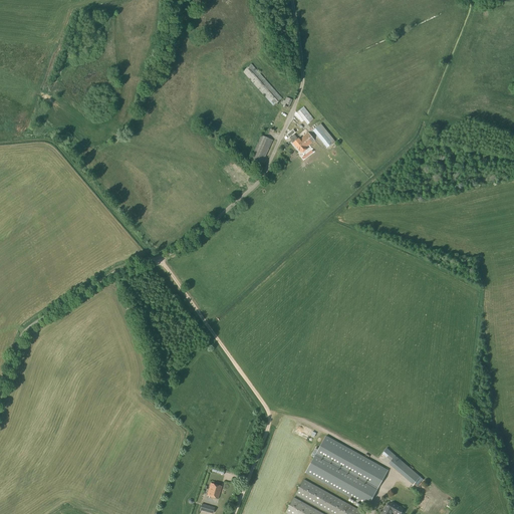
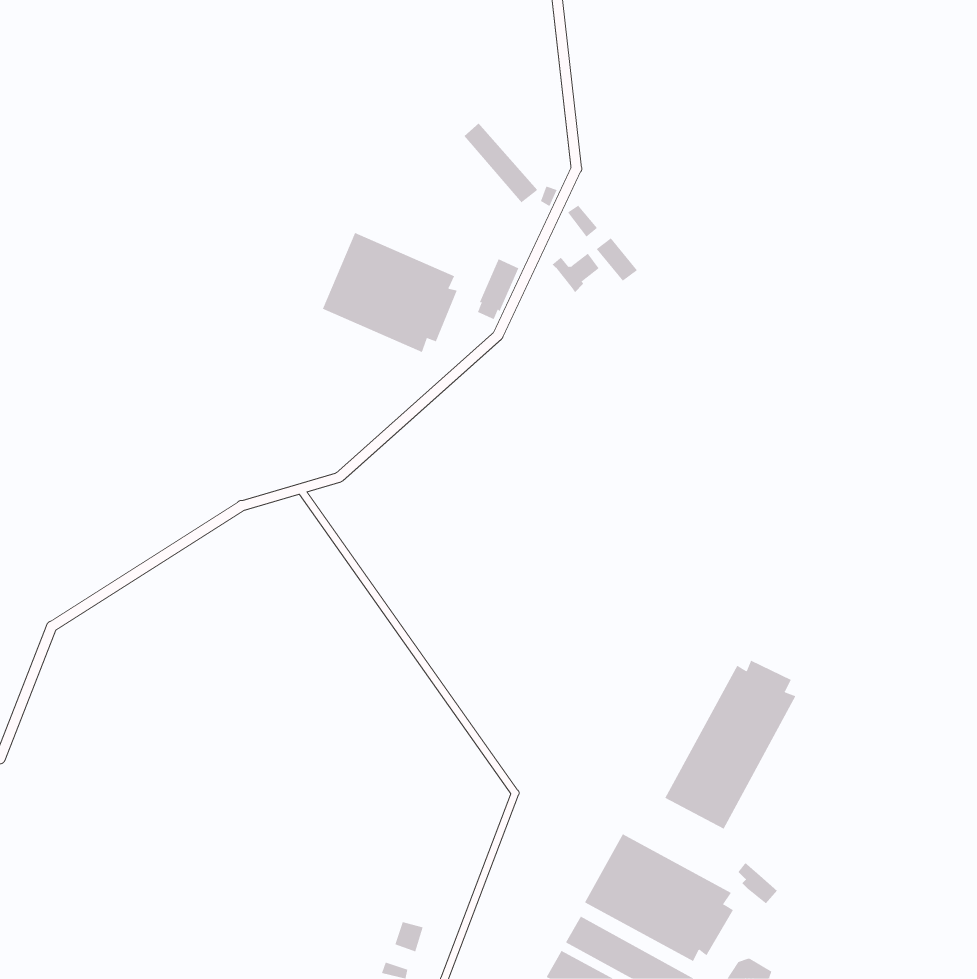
building: none -> [322,232,457,353]
building: none -> [665,660,796,829]

